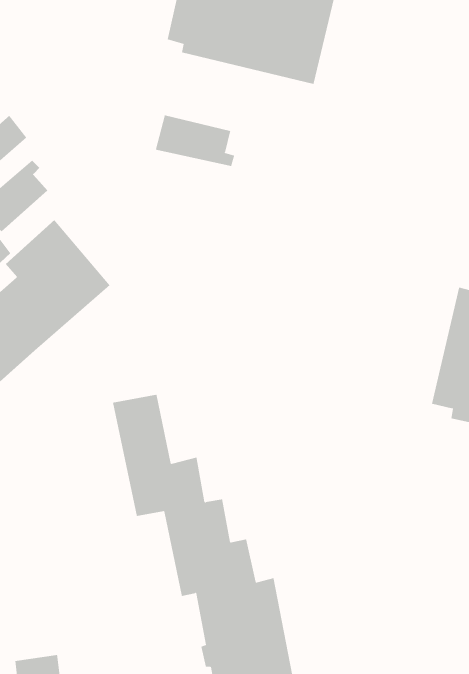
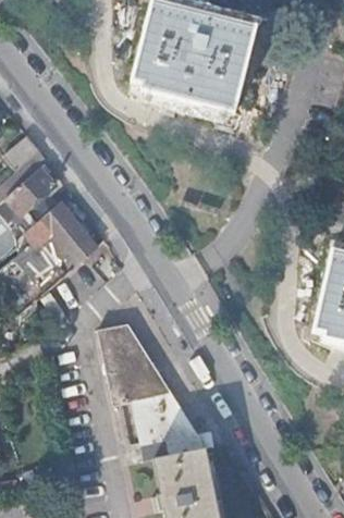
building: [155,114,235,167] -> none

